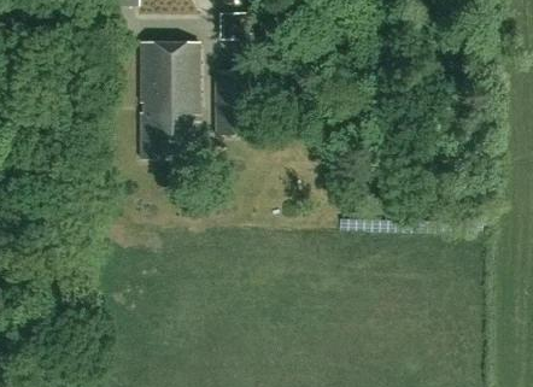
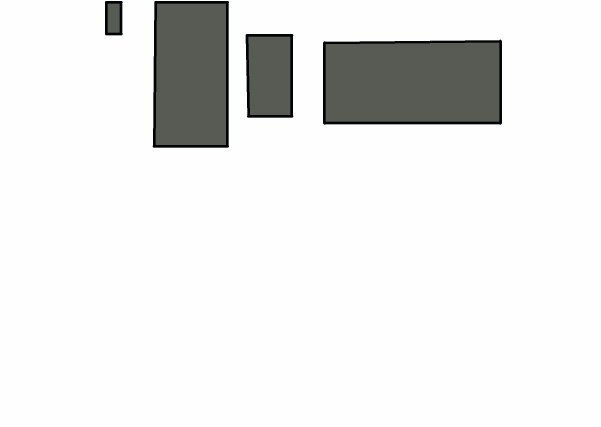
building: none -> [325,41,500,123]

